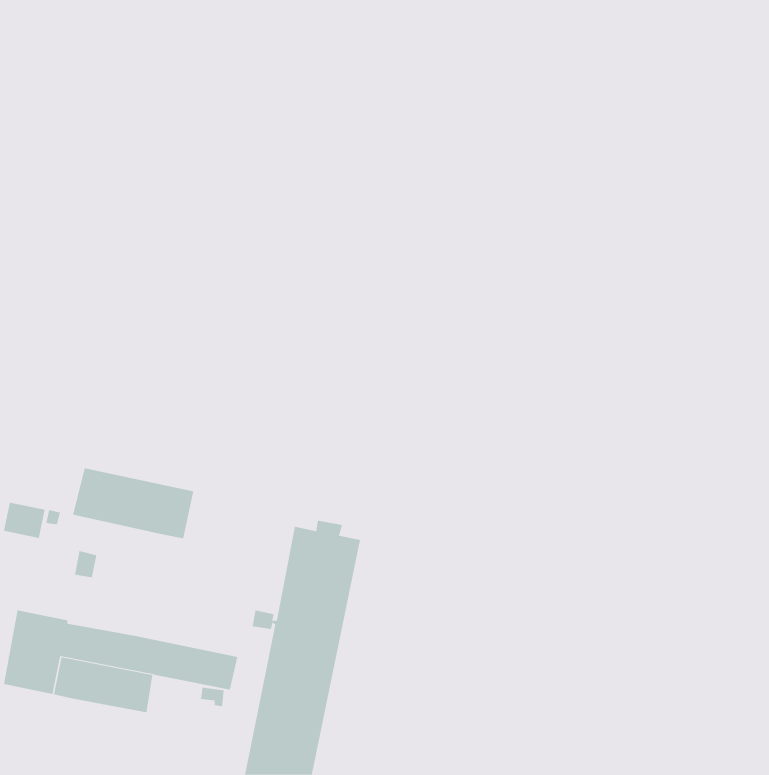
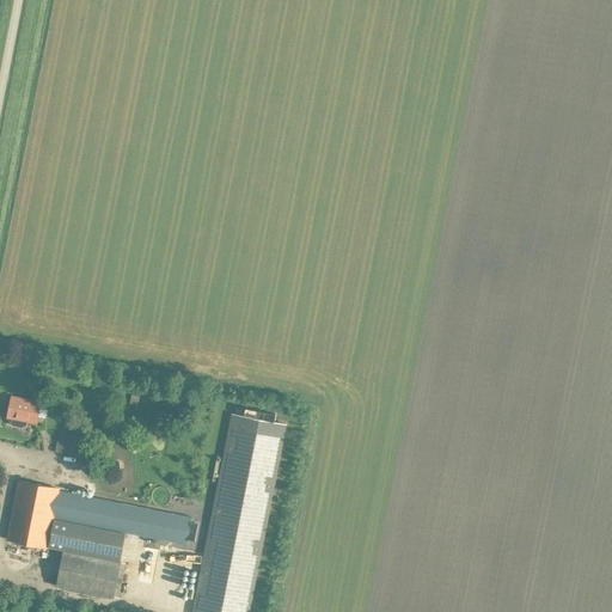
building: [73,468,194,539] -> none
building: none -> [51,551,116,596]

